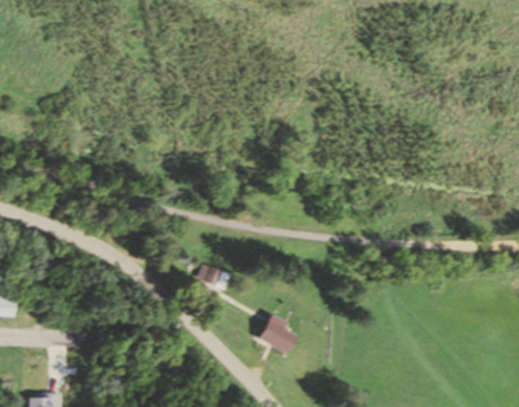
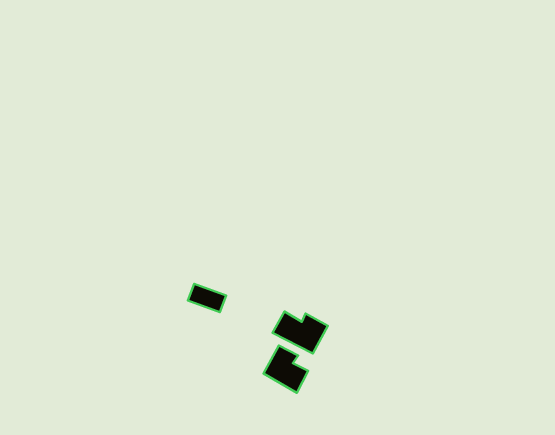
building: none -> [272,312,328,354]

